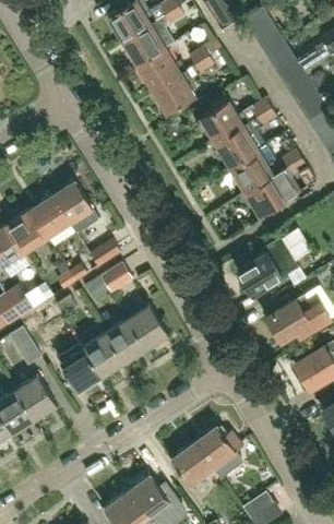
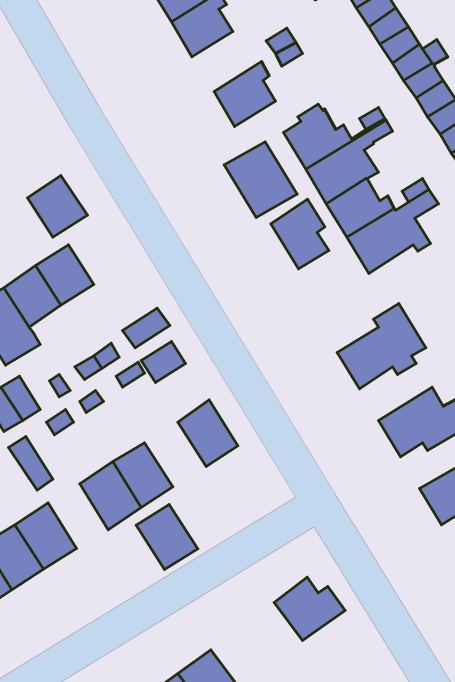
building: [136,48,184,90] -> none
building: none -> [224,142,297,217]
building: none -> [271,199,329,269]
building: [51,180,93,223] -> [28,176,88,237]
building: [104,318,146,362] -> [136,505,198,569]
building: [170,442,213,485] -> none

